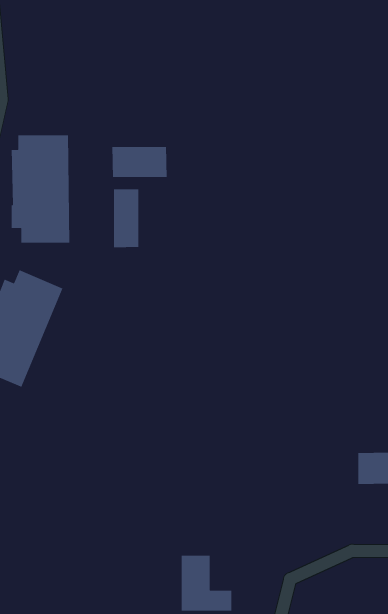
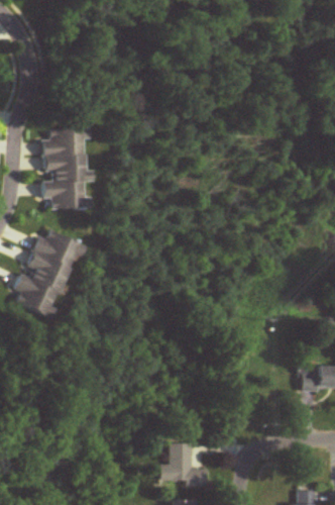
building: [112,146,167,178] -> none
building: [113,188,139,248] -> none

